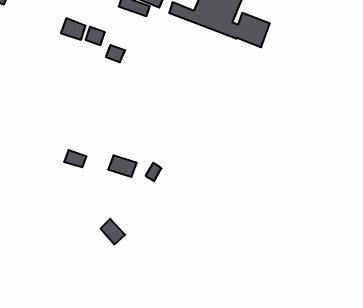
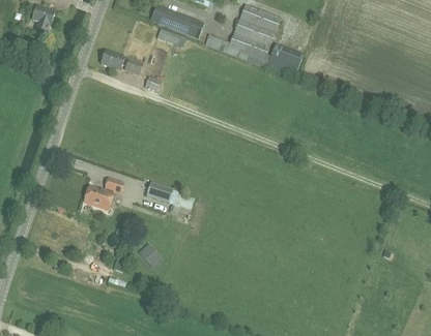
building: none -> [84,186,113,209]

